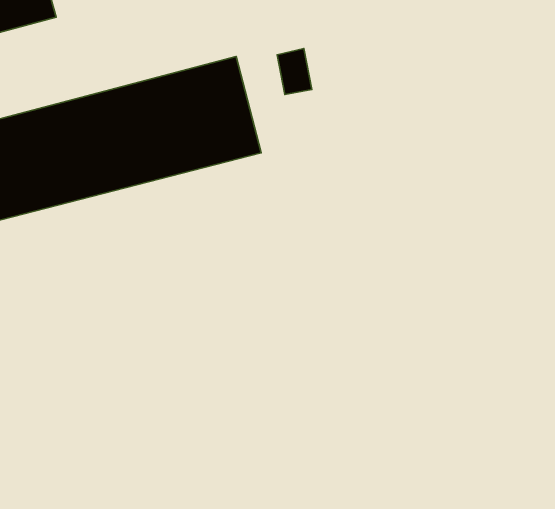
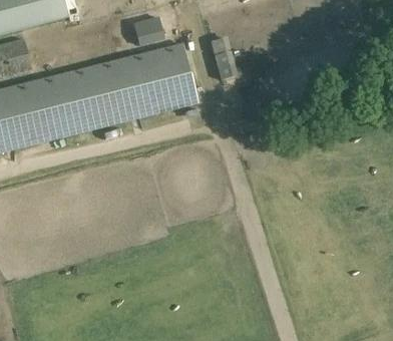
building: none -> [132,17,161,45]

